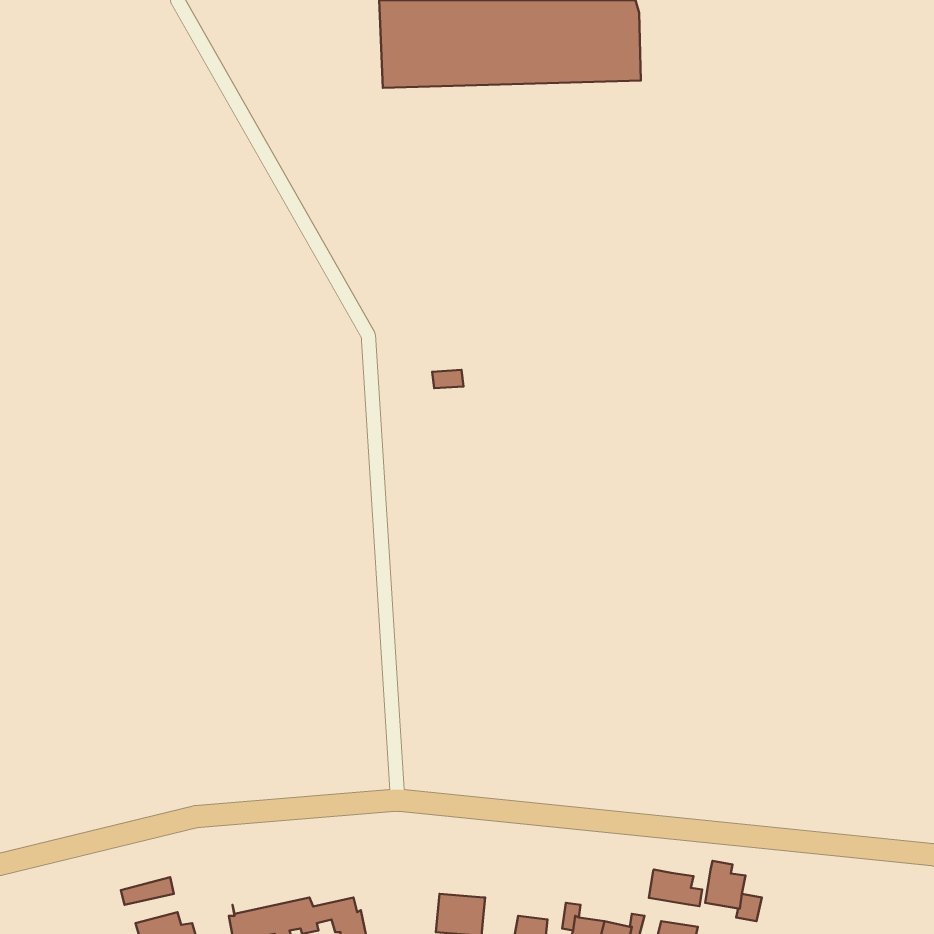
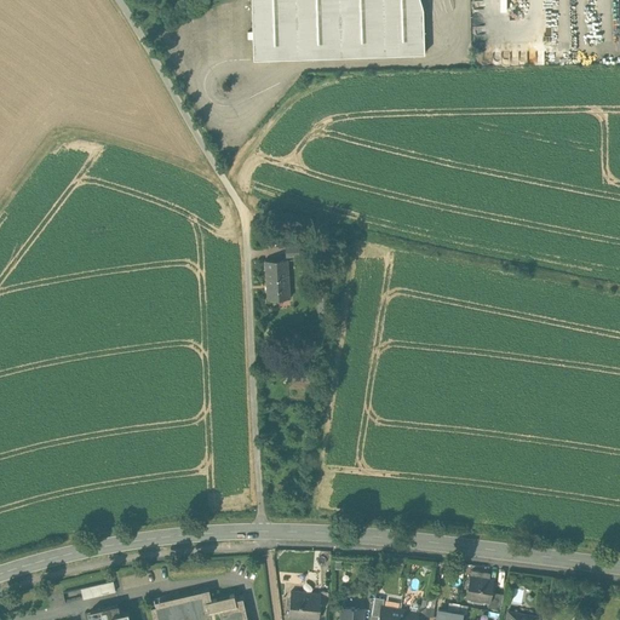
building: none -> [266,260,291,300]
building: [649,869,702,906] -> none

